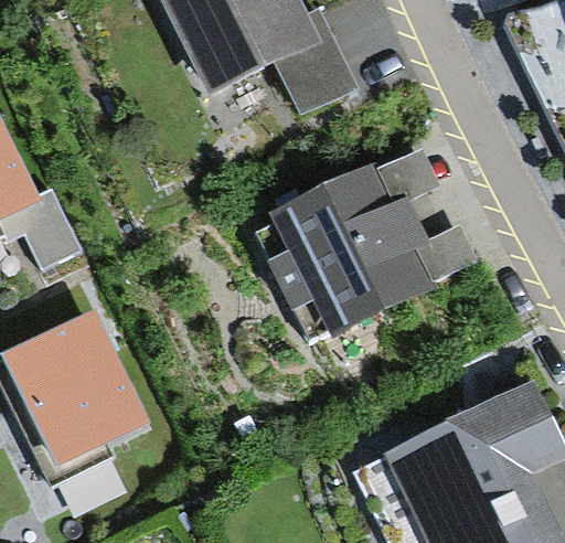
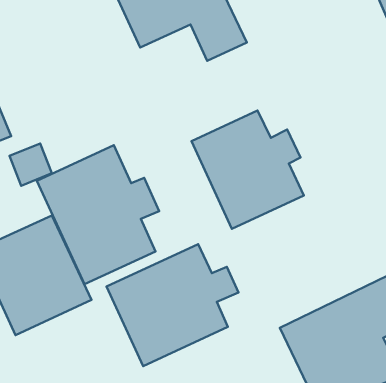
building: none -> [37,145,159,284]
building: none -> [107,244,238,366]

